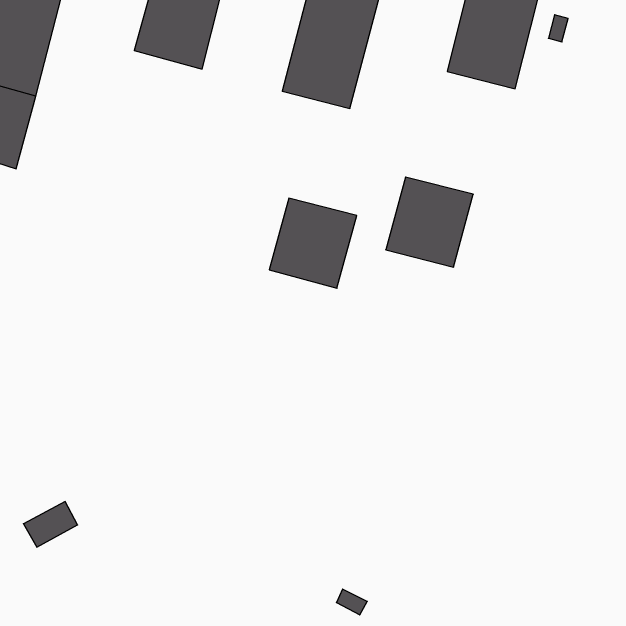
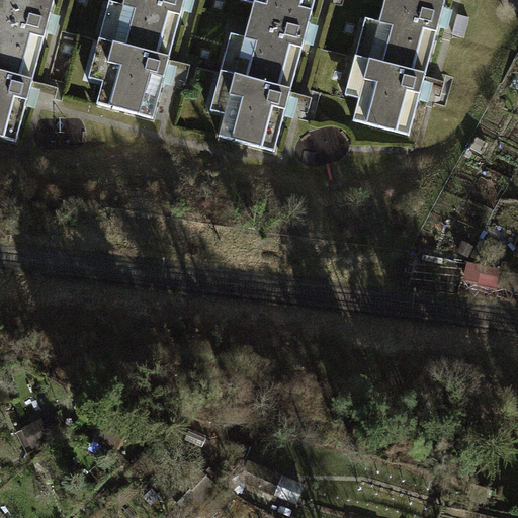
building: none -> [95,41,166,116]
building: [386,177,473,267] -> [351,59,423,133]
building: [269,198,357,288] -> [215,75,287,149]

